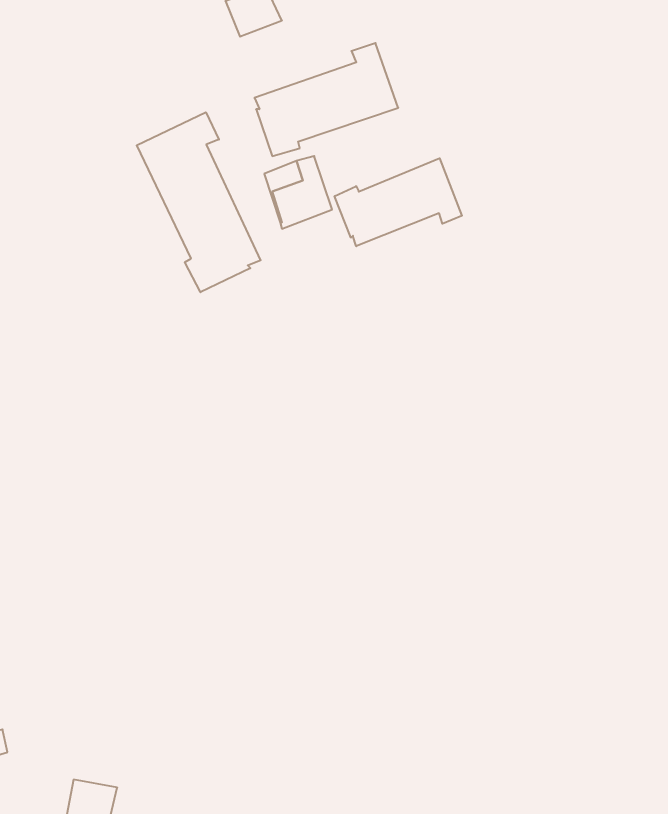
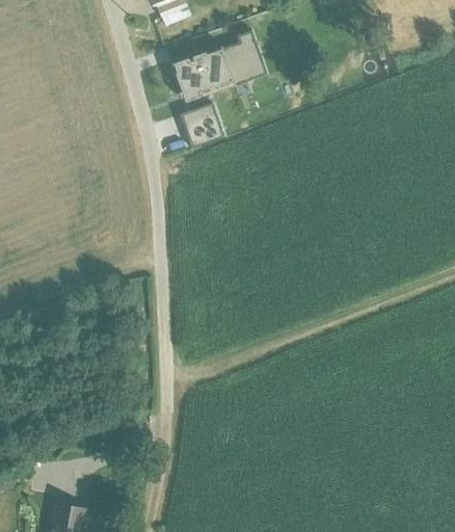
building: [137,112,261,292] -> none
building: [335,158,462,246] -> none

